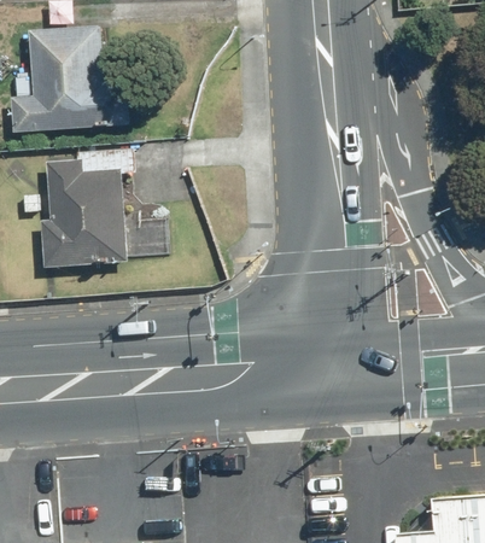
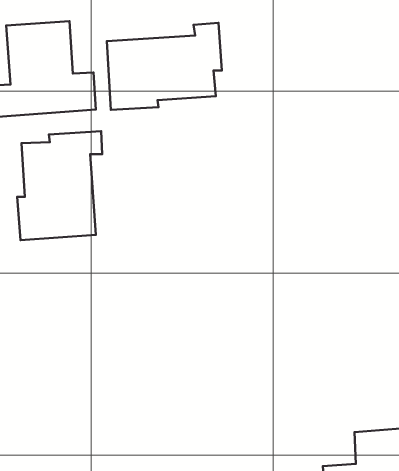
building: none -> [107,23,222,110]

